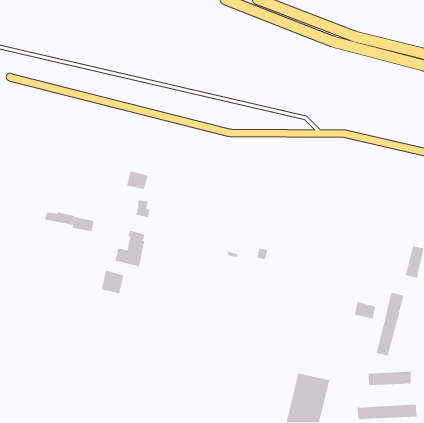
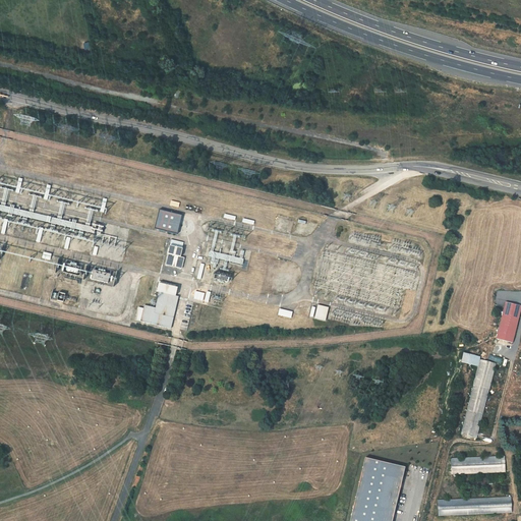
building: [101,270,124,294] -> none
building: [354,301,376,319] -> none

